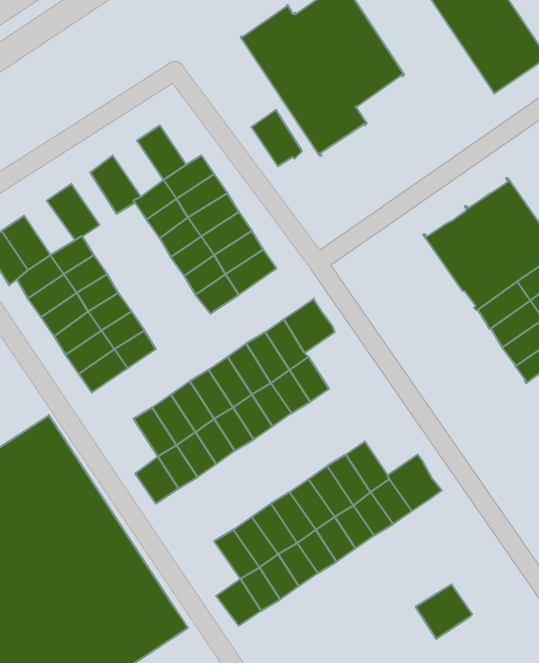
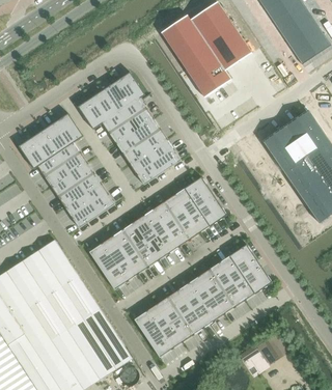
building: [251,110,302,166] -> [116,72,144,103]
building: none -> [90,89,118,120]
building: none -> [42,122,70,152]
building: none -> [196,195,226,226]
building: none -> [89,243,115,273]
building: none -> [229,244,258,274]
building: none -> [134,310,161,340]

